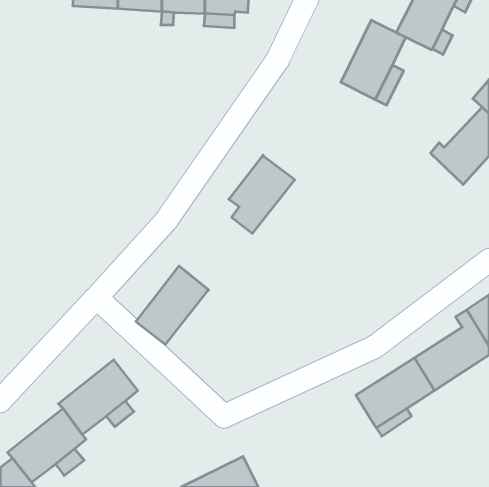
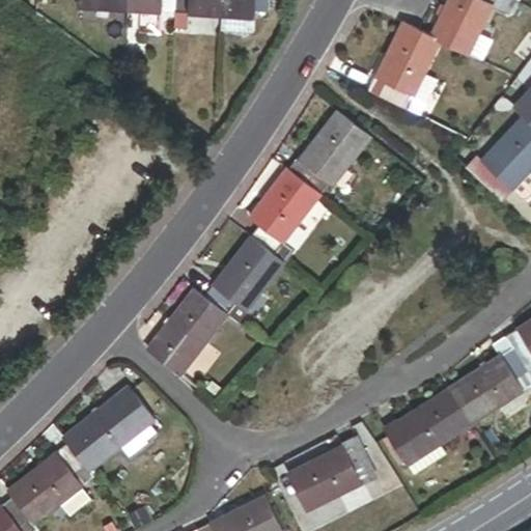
building: none -> [286,111,369,195]
building: none -> [203,235,284,322]
building: none -> [287,437,375,511]

